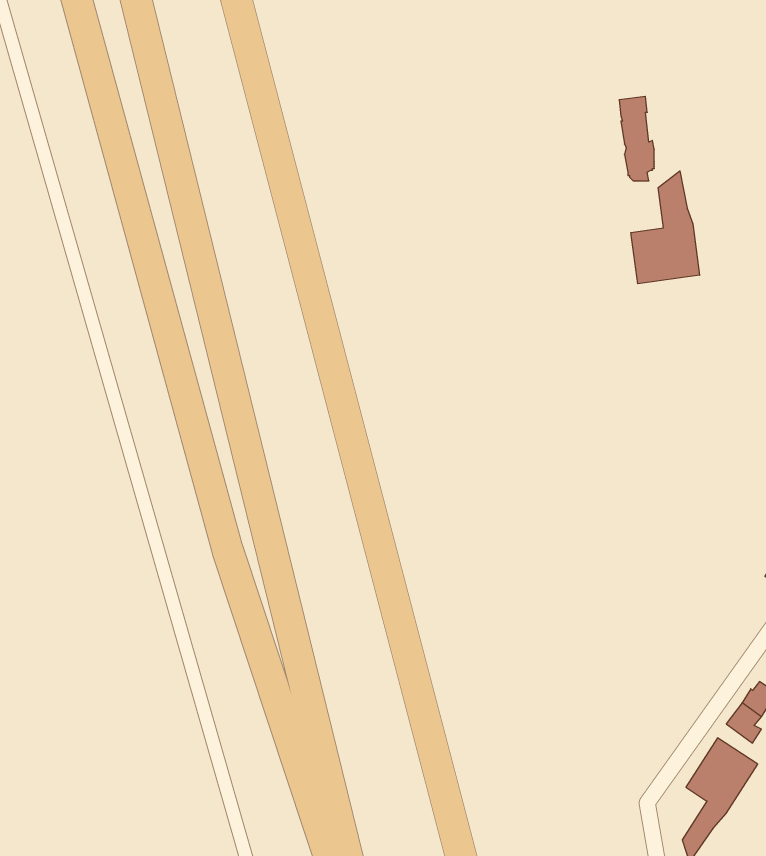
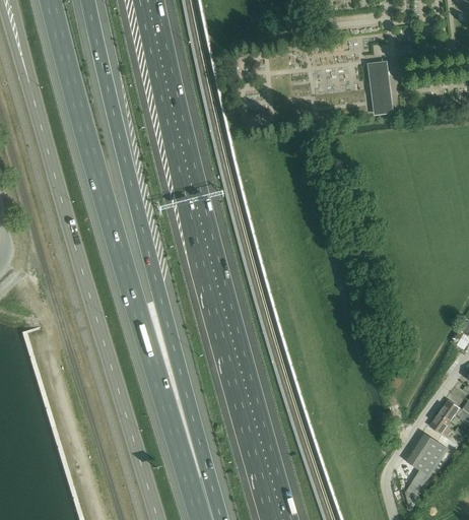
building: [631,171,700,284] -> none

